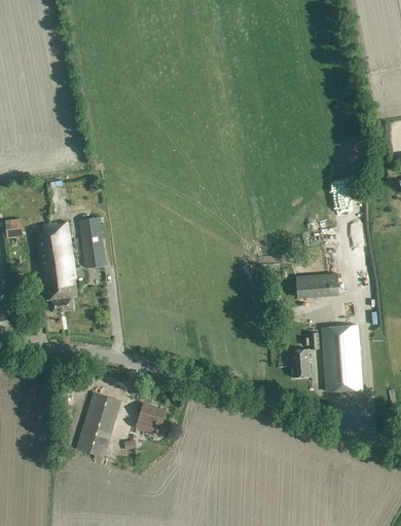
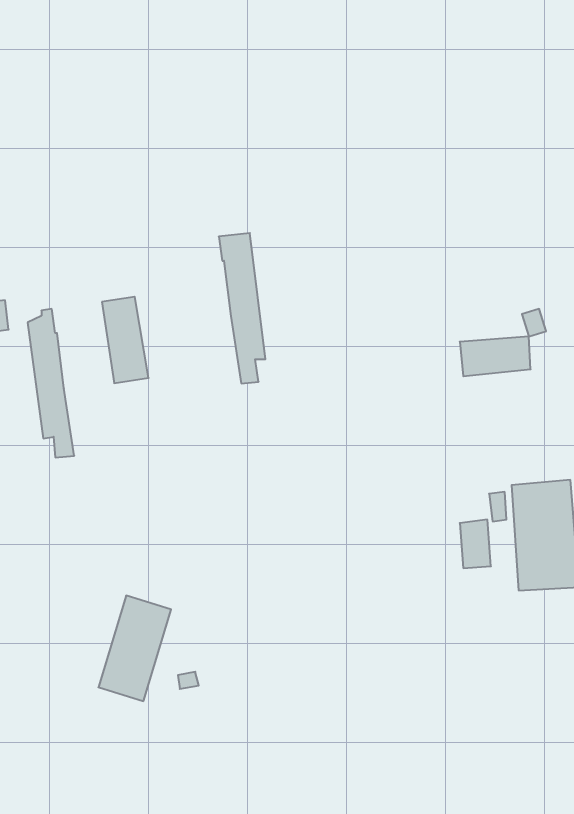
building: [49,221,77,310] -> [219,233,265,383]
building: [297,274,339,298] -> [460,336,531,376]
building: [137,403,167,436] -> none

